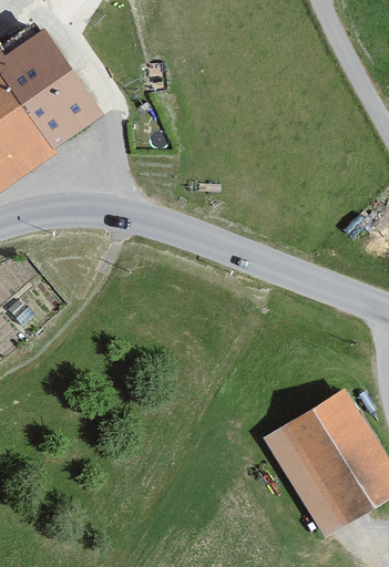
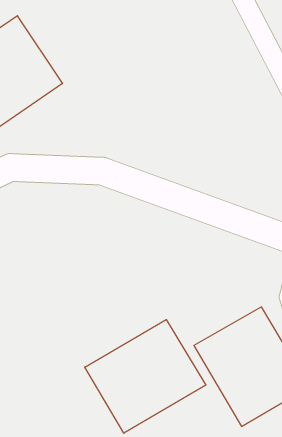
building: none -> [85,320,206,433]

